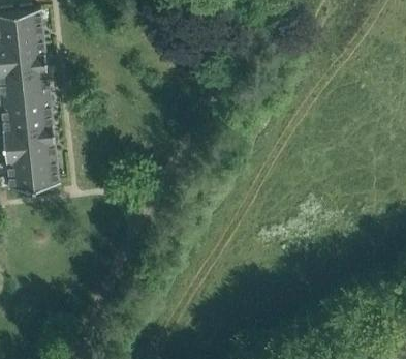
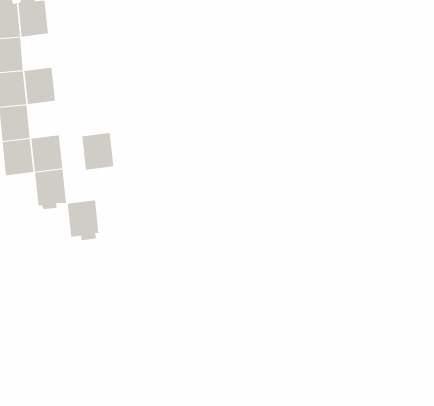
building: [19,37,45,69] -> none
building: [24,95,52,127] -> [82,133,114,170]
building: [5,156,33,191] -> [67,200,99,241]

